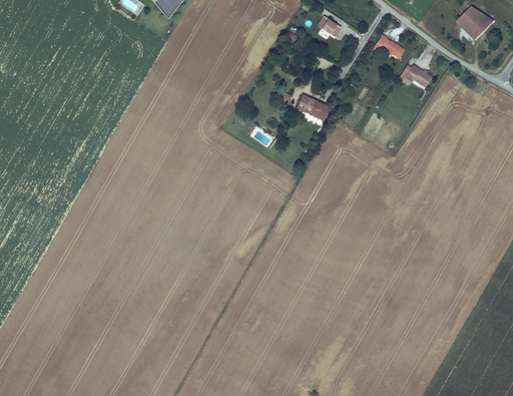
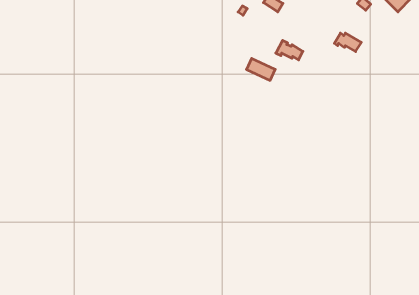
building: [374,35,406,58] -> [276,40,303,60]

